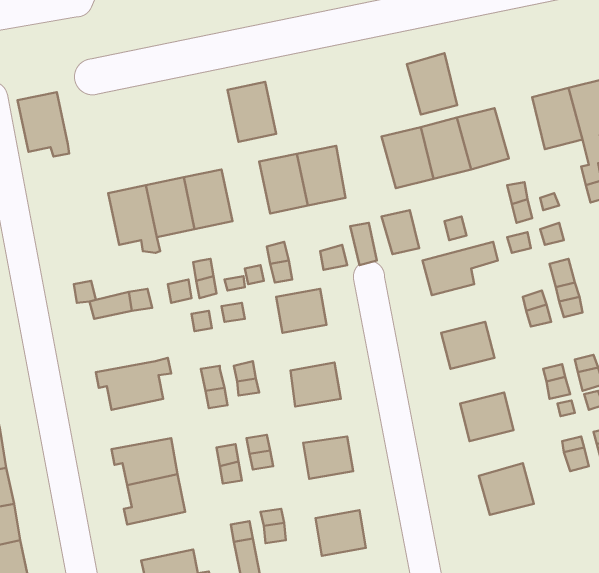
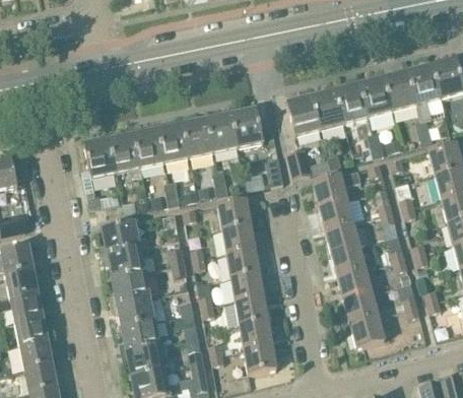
building: [407,53,457,114] -> [359,76,392,116]
building: [227,82,276,142] -> [183,118,214,156]
building: [17,92,69,157] -> [84,138,118,180]
building: none -> [319,197,353,228]
building: none -> [100,221,140,254]
building: none -> [222,223,256,253]
building: none -> [331,245,366,274]
building: none -> [110,271,150,304]
building: none -> [230,271,264,300]
building: none -> [343,291,378,321]
building: none -> [240,318,272,348]
building: none -> [122,344,164,376]

